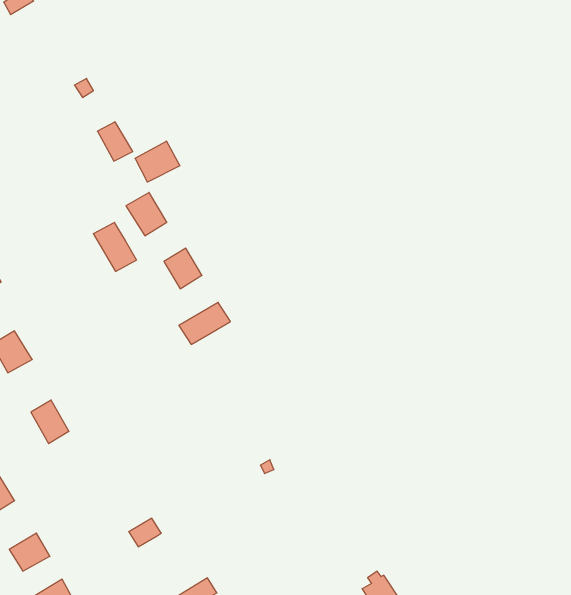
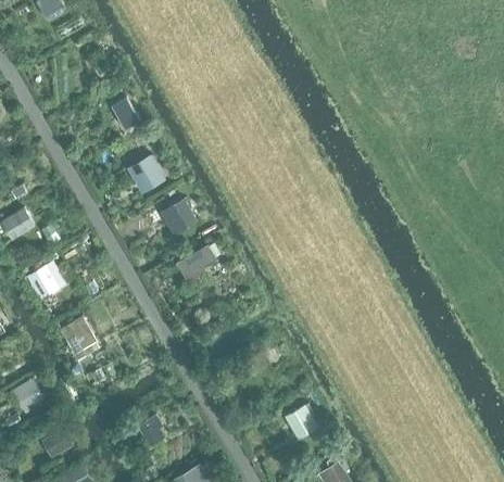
building: [135,141,180,182] -> none
building: [93,222,136,271] -> none
building: none -> [284,405,317,440]

